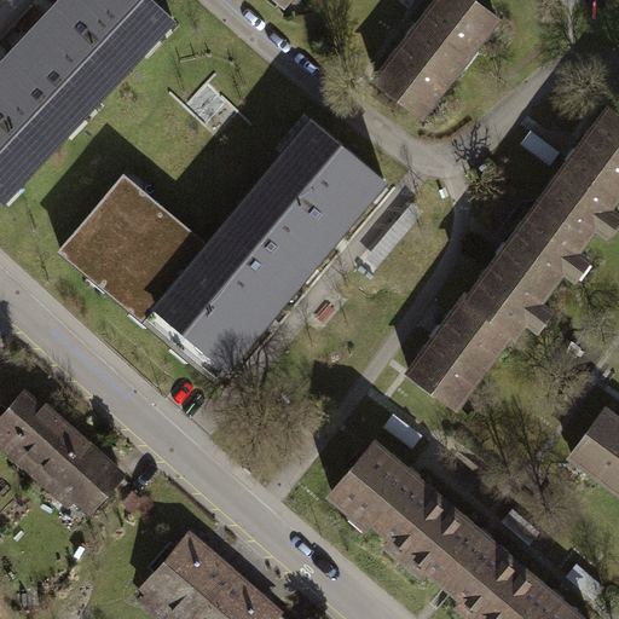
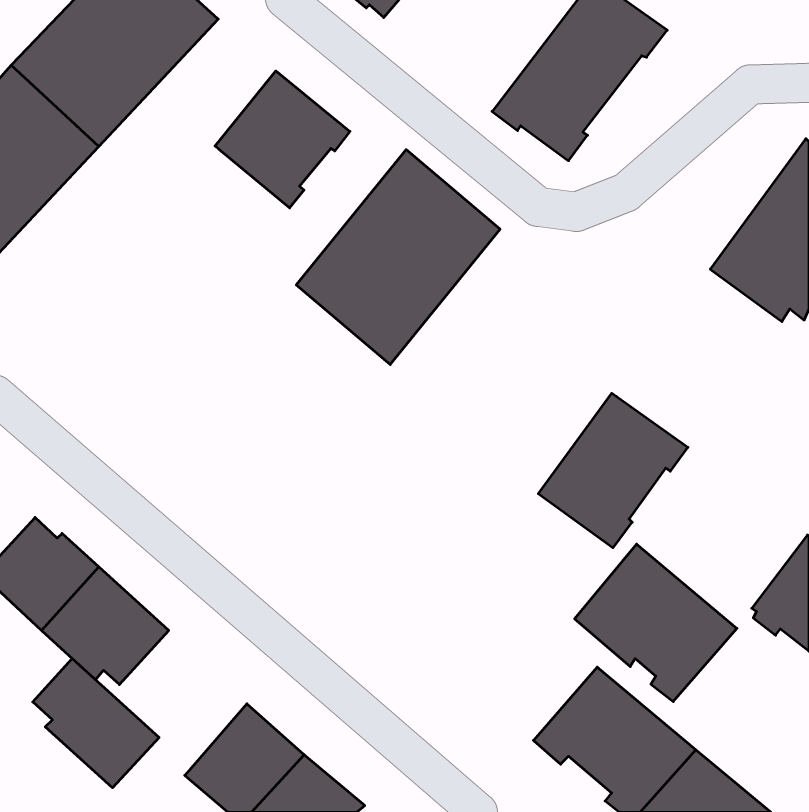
building: none -> [215,71,350,208]
building: [56,173,296,377] -> none
building: [468,204,596,340] -> none
building: [330,442,453,562] -> [575,544,737,702]
building: none -> [33,659,159,788]

